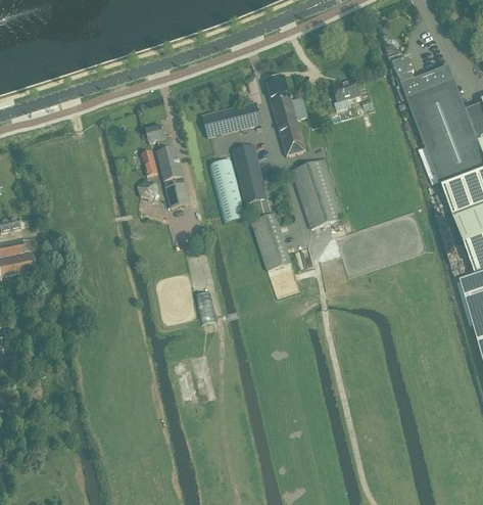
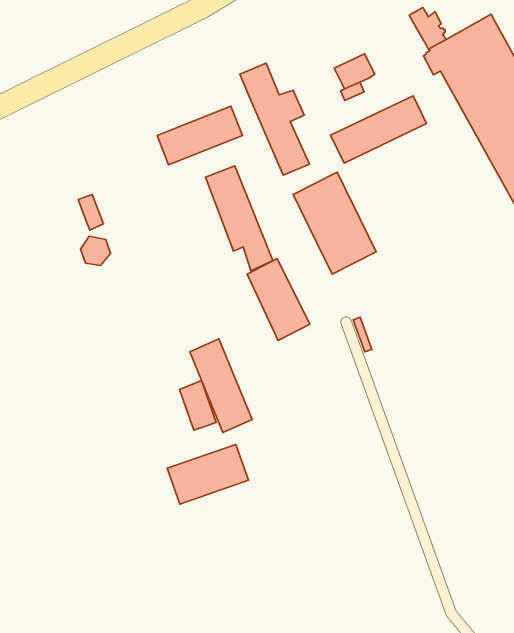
building: none -> [330,96,427,163]
building: [146,126,190,208] -> none
building: [209,158,246,224] -> [190,339,252,432]
building: none -> [167,444,248,504]

